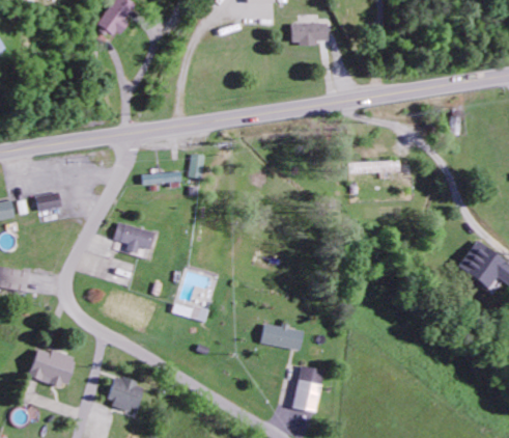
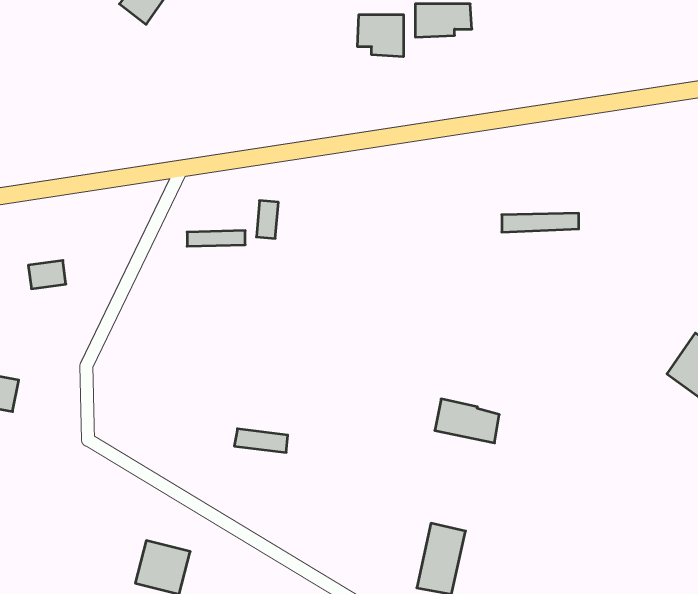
building: none -> [358,15,403,57]
building: [113,222,153,253] -> none
building: [260,322,303,351] -> [435,399,499,443]
building: [30,348,75,387] -> none

